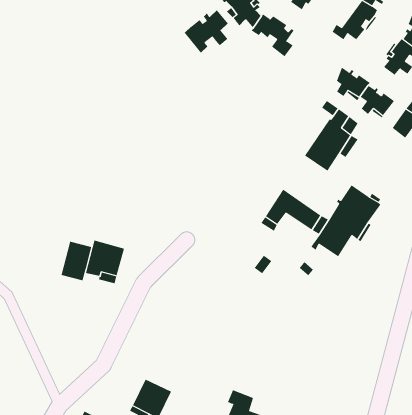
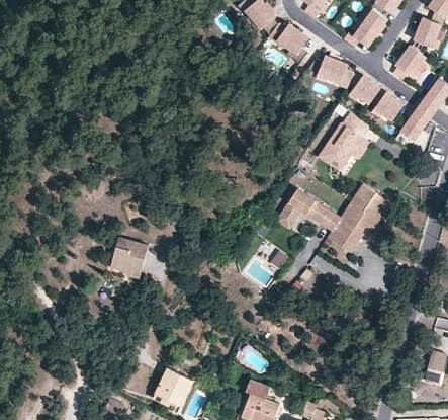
building: [184,10,228,53] -> none
building: none -> [307,54,353,88]
building: [61,241,92,281] -> none

